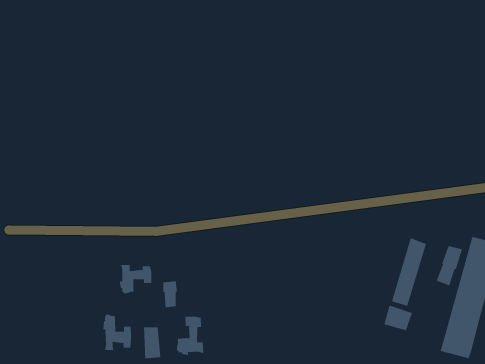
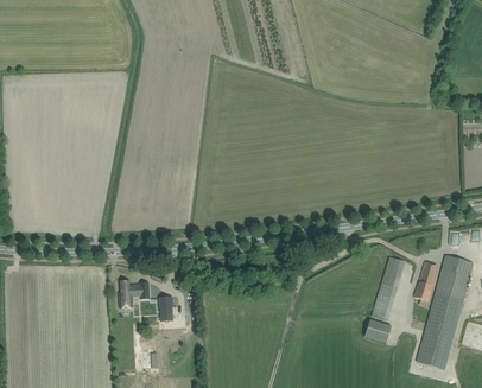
building: [103,314,132,351] -> none
building: [177,316,204,356] -> none

